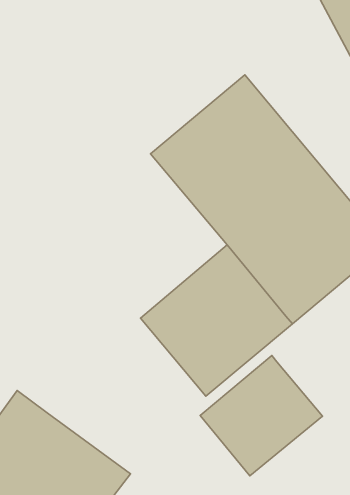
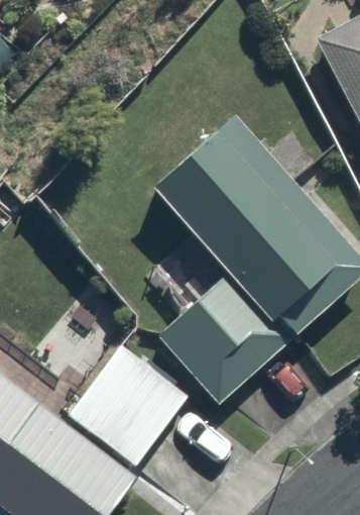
building: none -> [64,342,196,476]
building: [200,356,322,476] -> none

